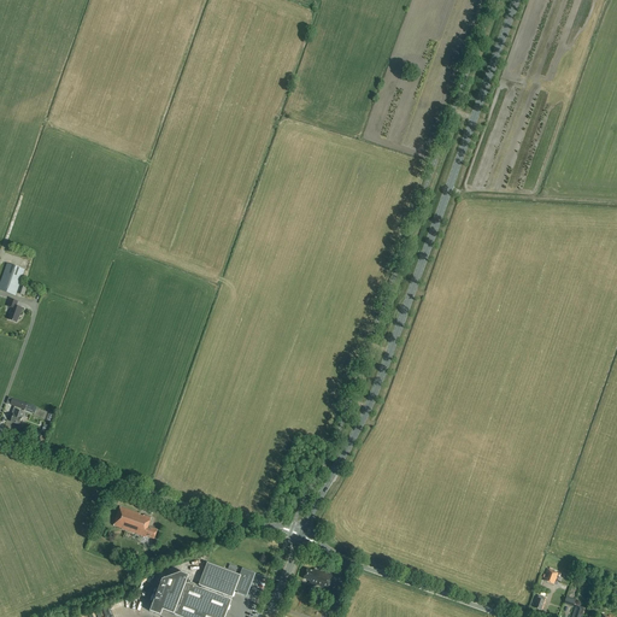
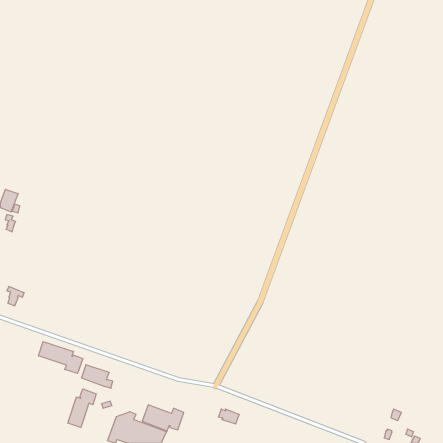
building: none -> [38,342,83,373]
building: none -> [68,389,96,427]

